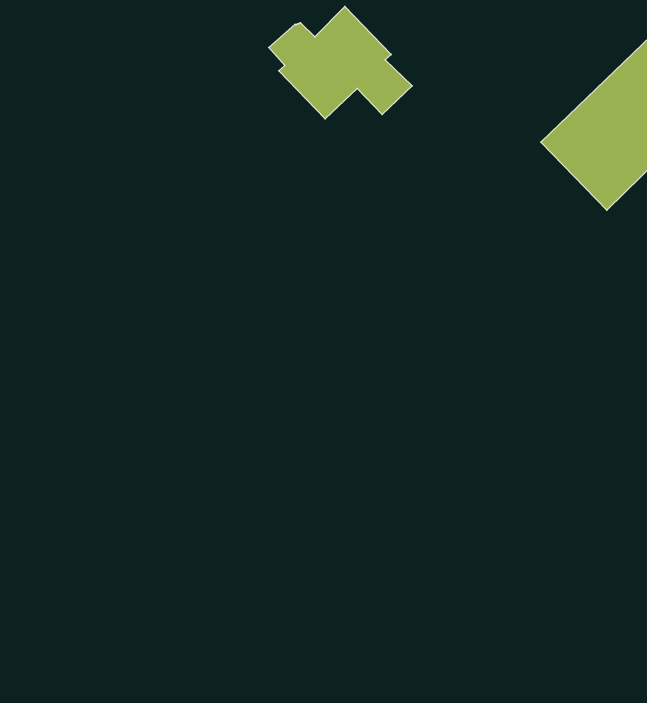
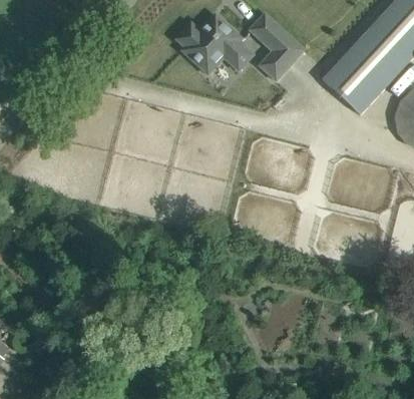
building: none -> [250,12,304,79]

